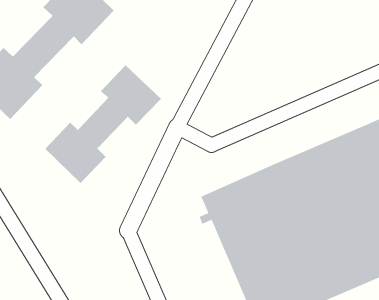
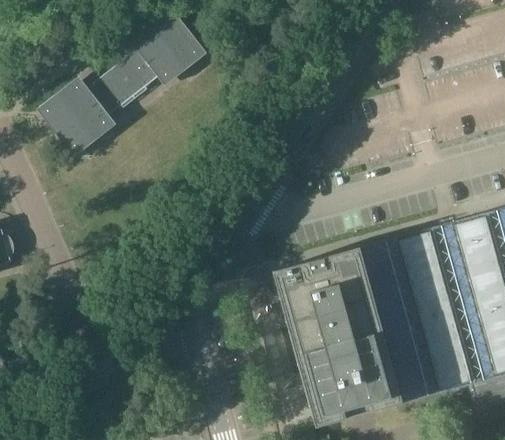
building: [45,65,162,184] -> none

